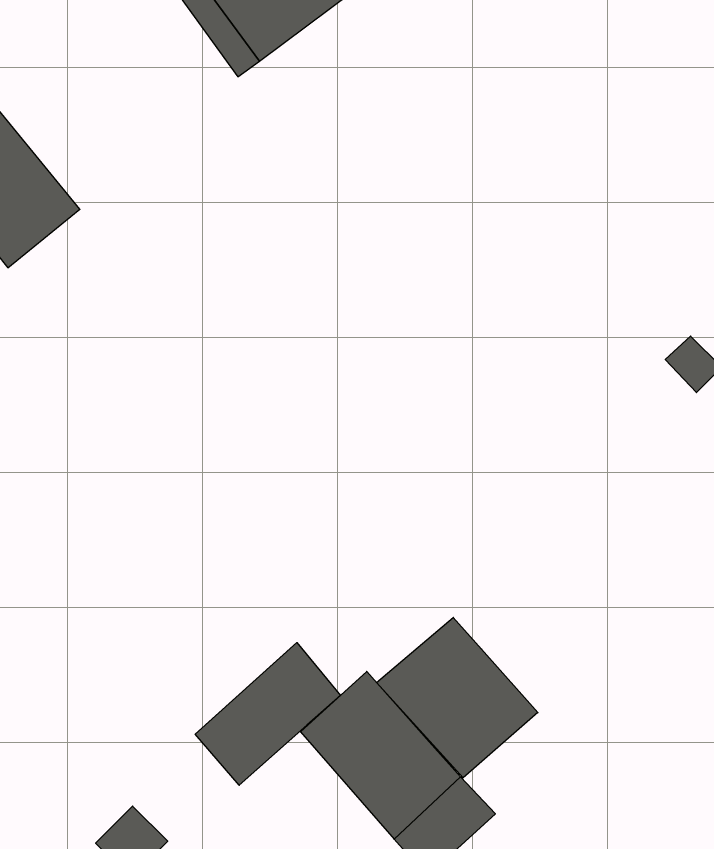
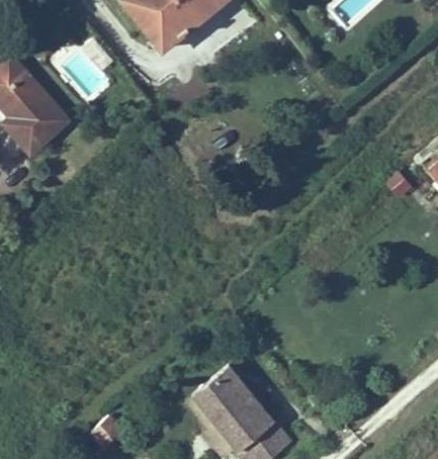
building: [376,617,538,778] -> none
building: [195,643,341,785] -> none

